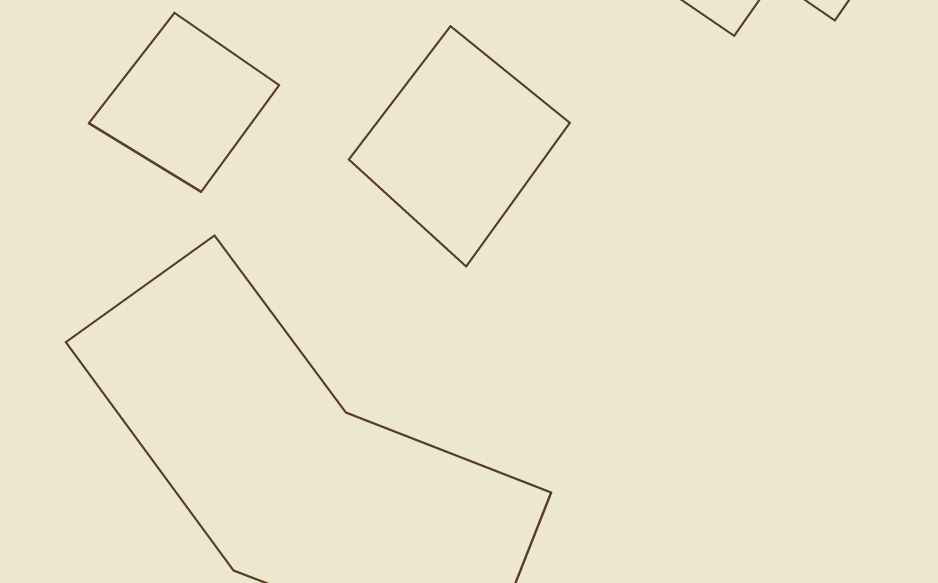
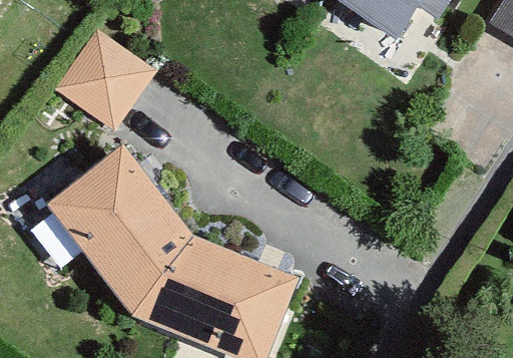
building: [349,26,570,267] -> none

